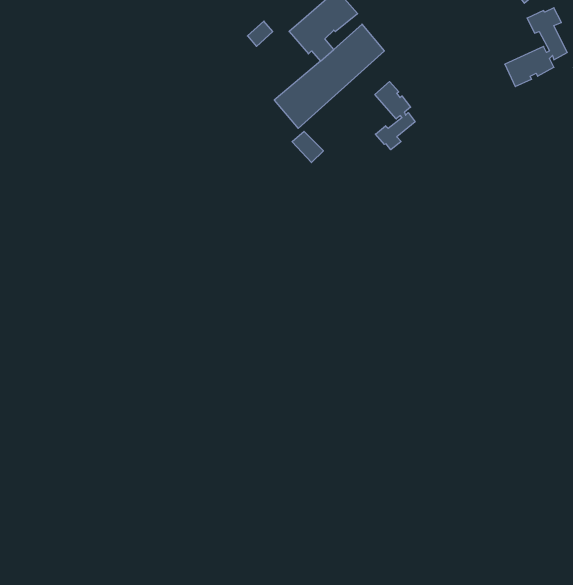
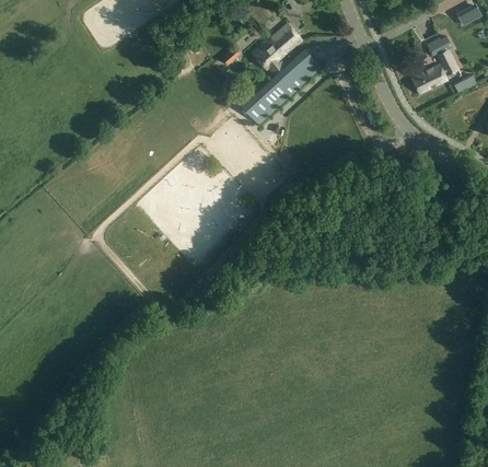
building: [375,82,415,150] -> none

